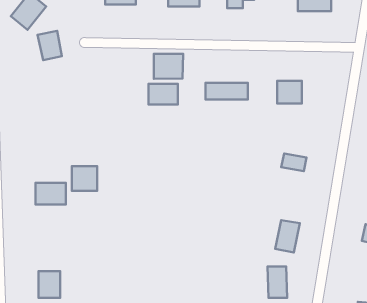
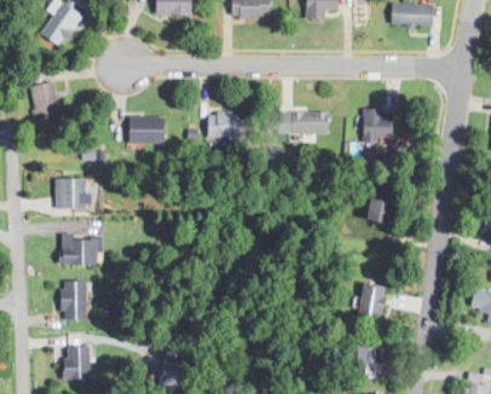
building: [37,31,62,60] -> [27,82,57,118]
building: [154,54,183,79] -> none
building: none -> [125,117,163,145]
building: [72,166,97,191] -> [59,178,91,208]
building: none -> [68,280,92,319]

